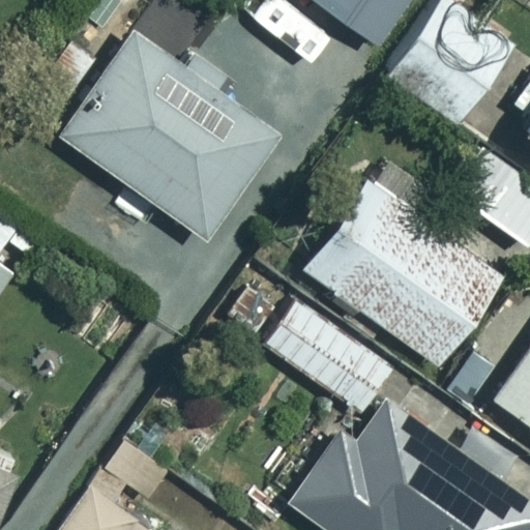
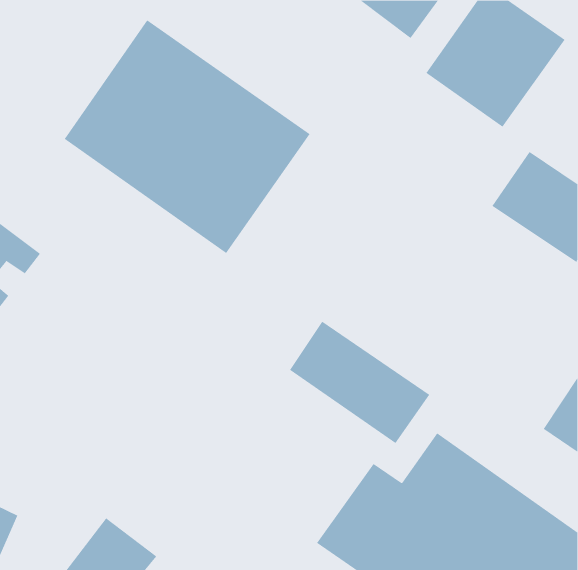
building: [303,157,502,366] -> none

